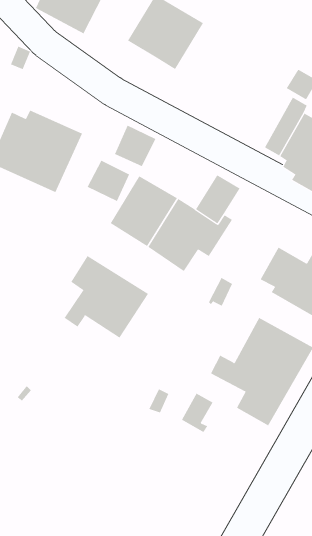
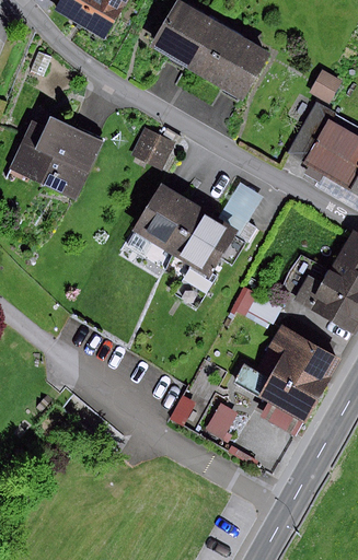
building: none -> [198,27,270,102]
building: [87,160,130,202] -> none
building: [64,255,149,339] -> none

